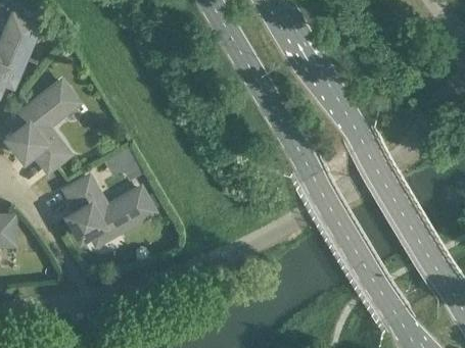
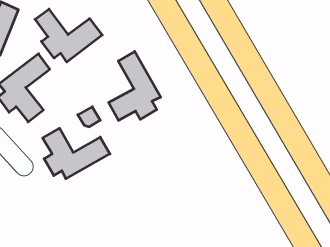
building: none -> [35,9,102,62]
building: none -> [109,51,161,120]

